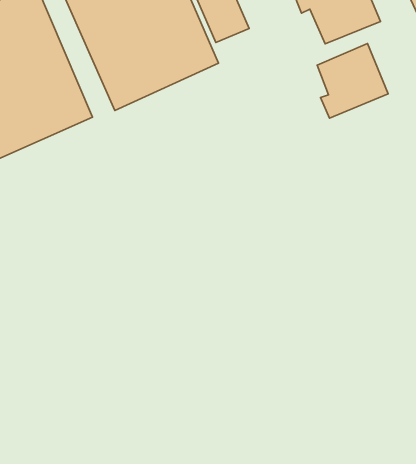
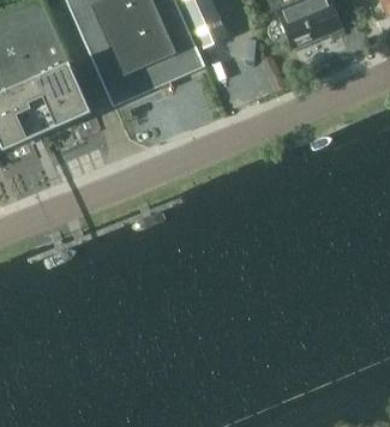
building: [317,43,388,118] -> none

